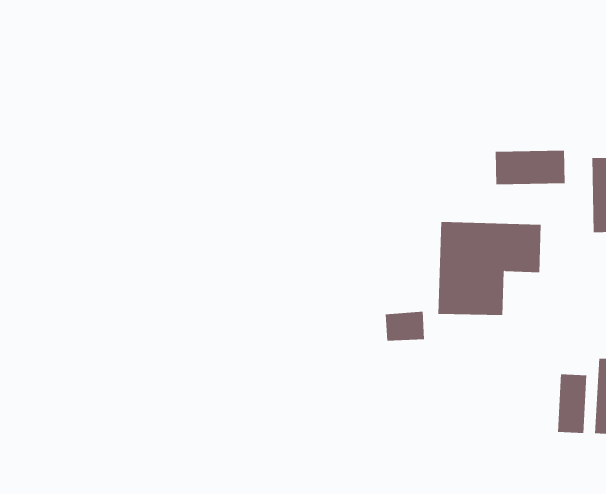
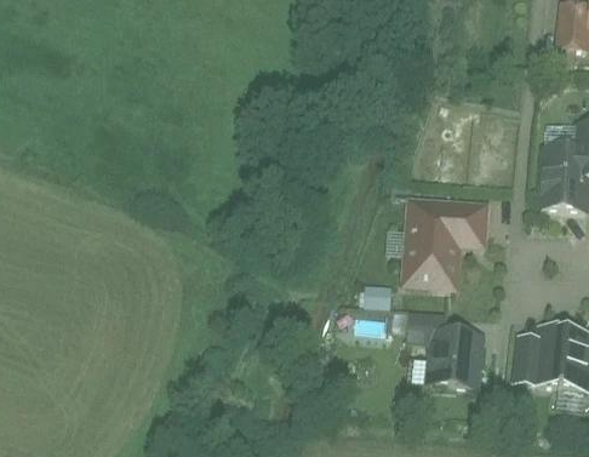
building: [495,150,565,185] -> none
building: none -> [411,322,484,381]

